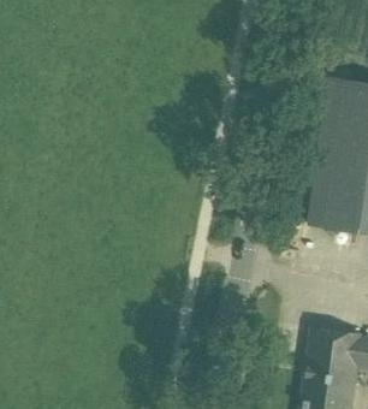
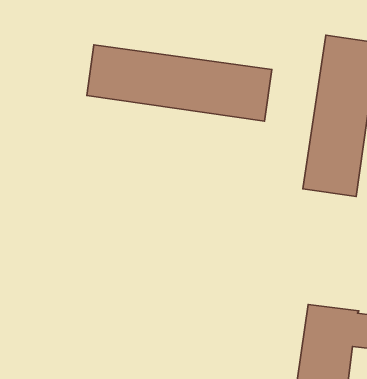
building: none -> [87,45,272,121]

